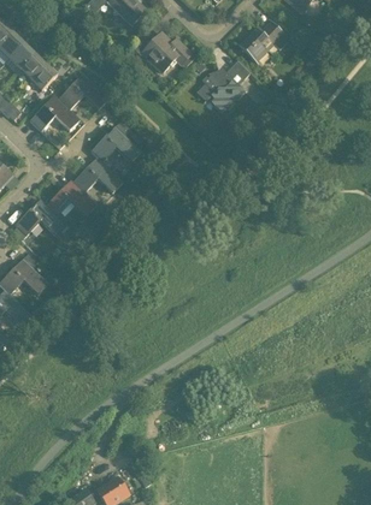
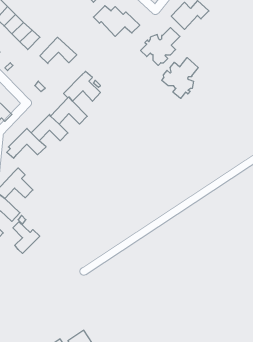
building: [28,94,78,130] -> none
building: none -> [162,58,198,98]
building: none -> [13,222,40,253]

